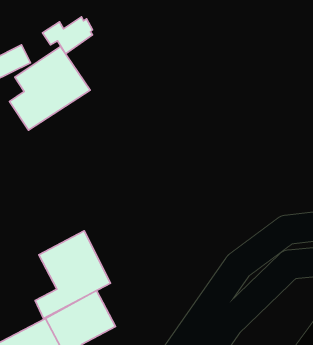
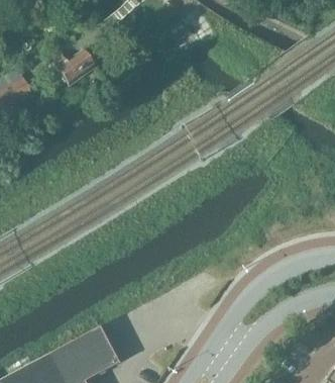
building: [10,47,90,130] -> none
building: [35,231,111,319] -> none

